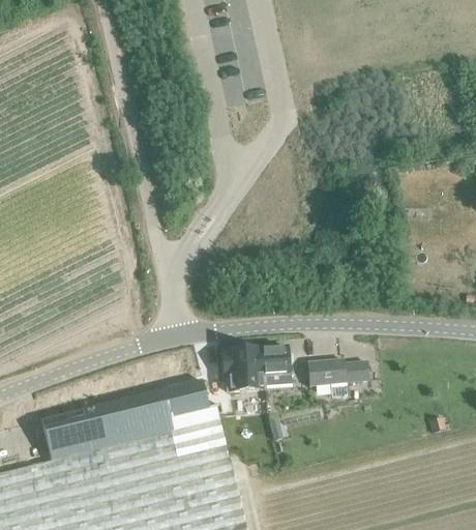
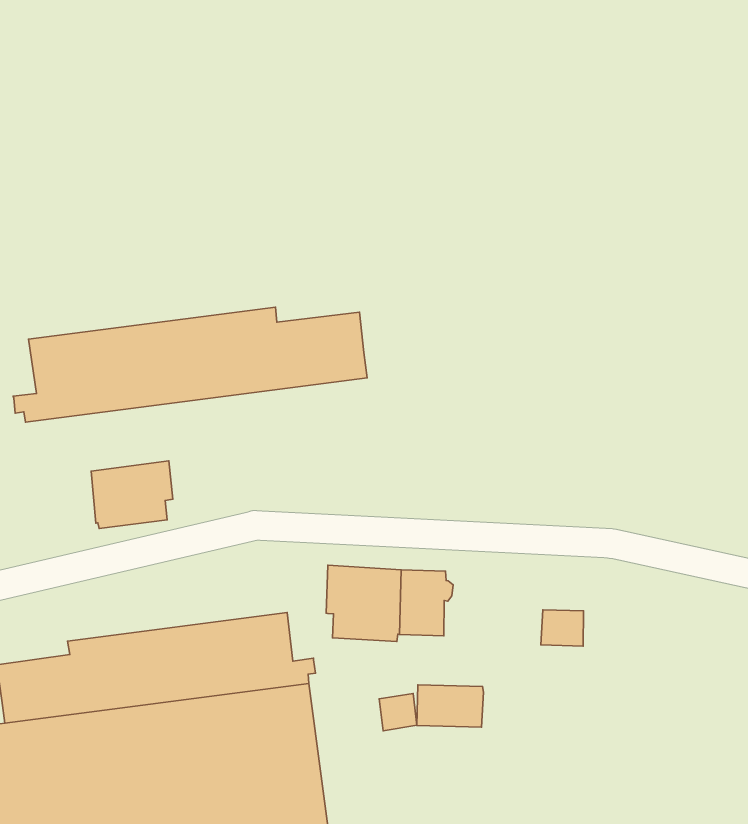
building: none -> [13,307,367,422]
building: none -> [91,461,173,529]
building: [308,362,347,388] -> [417,685,484,727]

